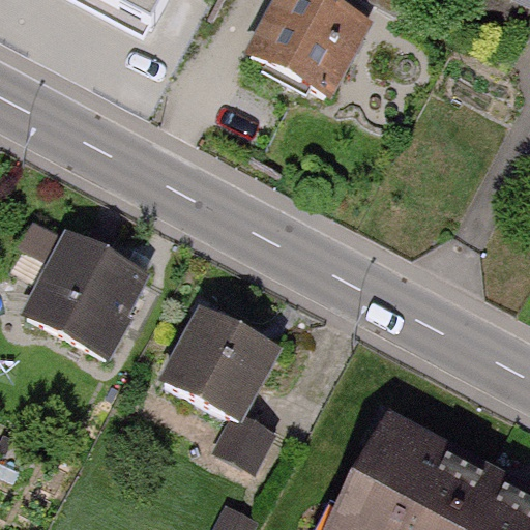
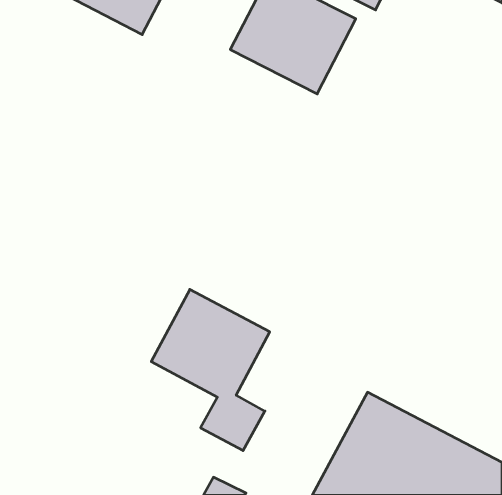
building: [14,218,149,360] -> none

